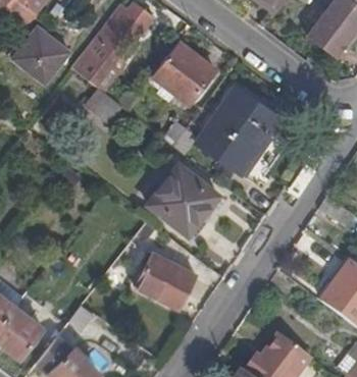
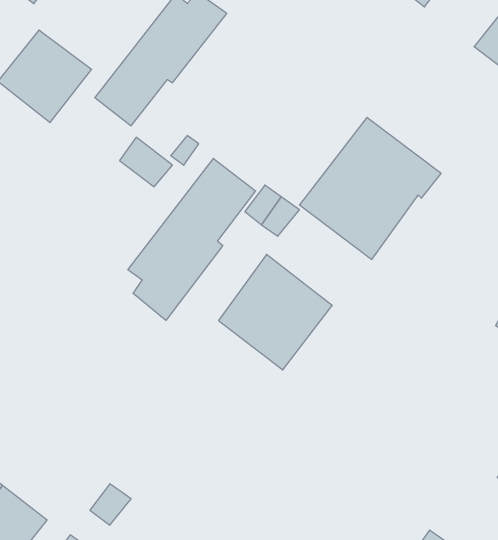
building: [152,42,213,103] -> none
building: none -> [128,158,256,320]
building: [135,255,194,310] -> none

